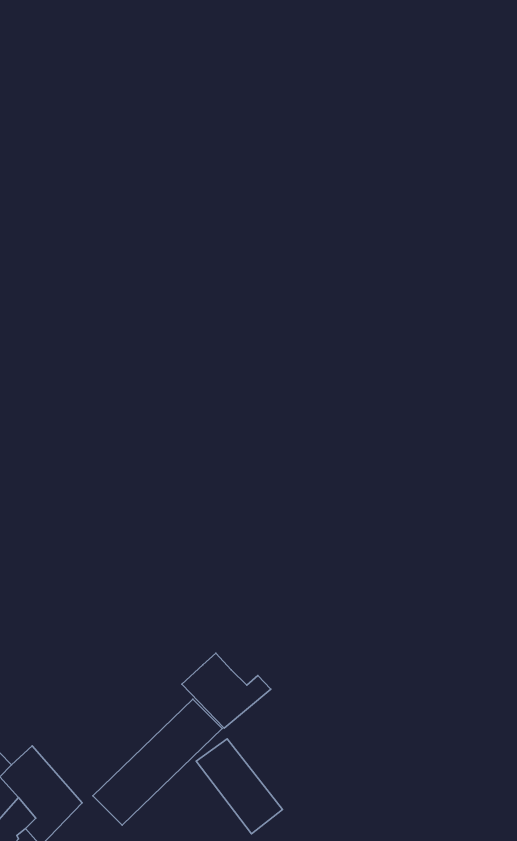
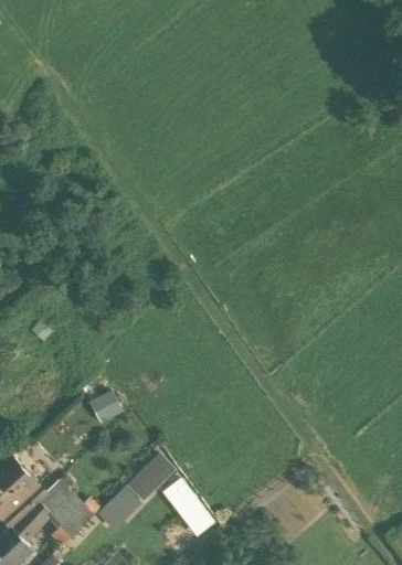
building: none -> [91,391,124,424]
building: [182,653,271,728] -> none

